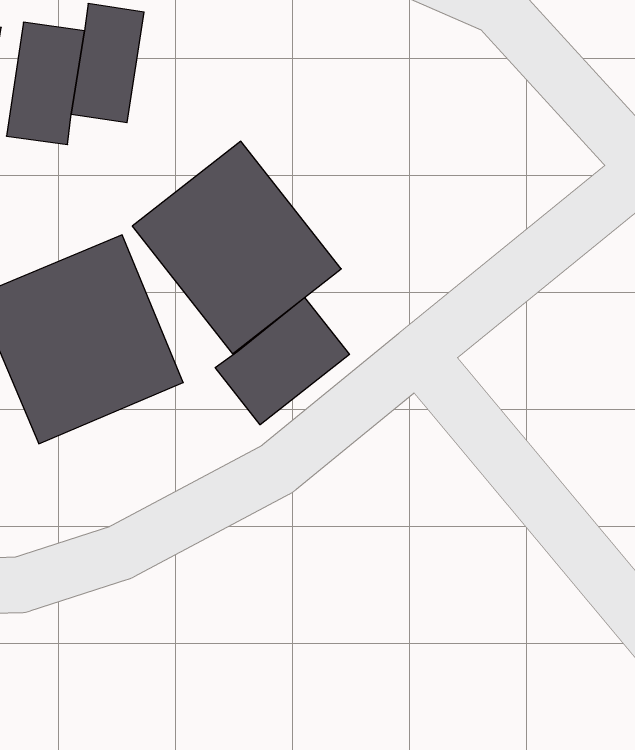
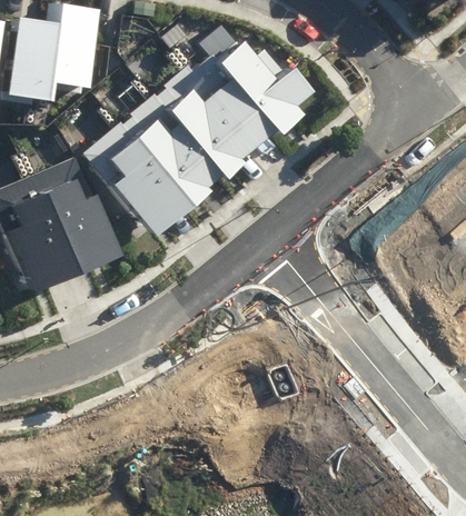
building: none -> [160,33,305,179]
building: [215,297,349,425] -> none

